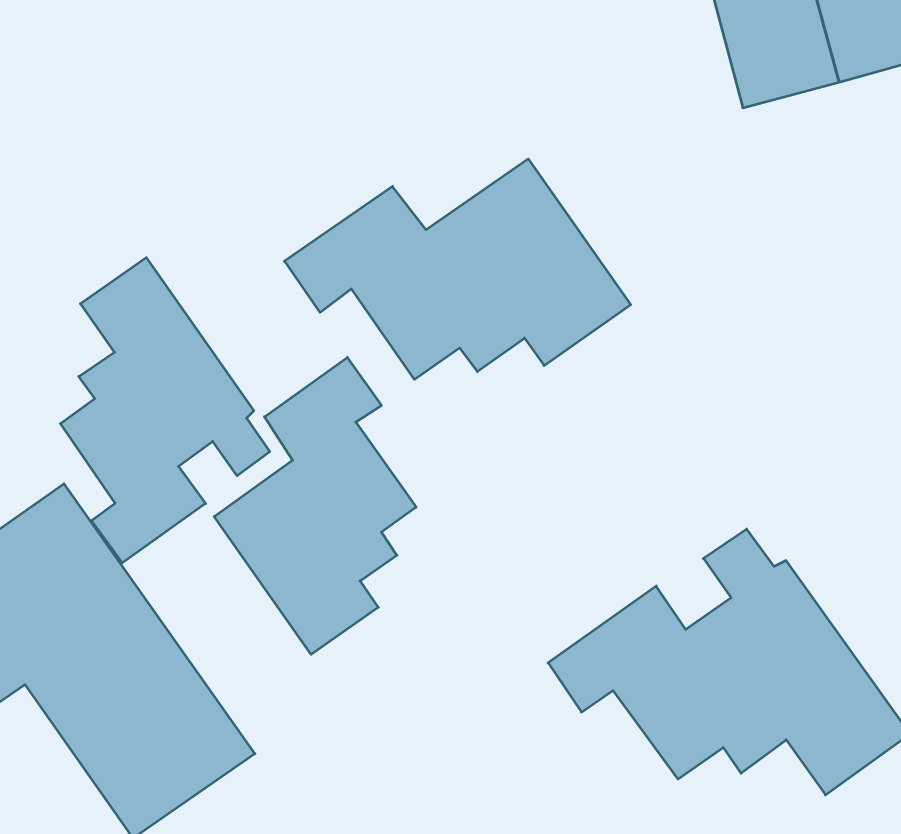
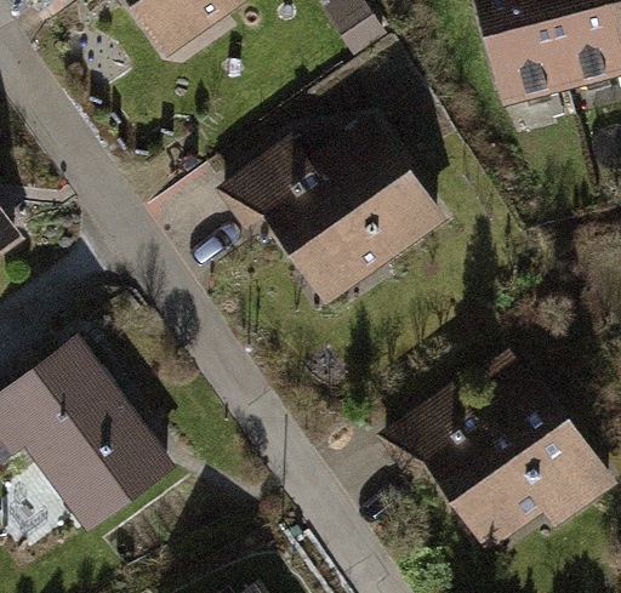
building: [60,258,270,563] -> none
building: [214,357,416,654] -> none

